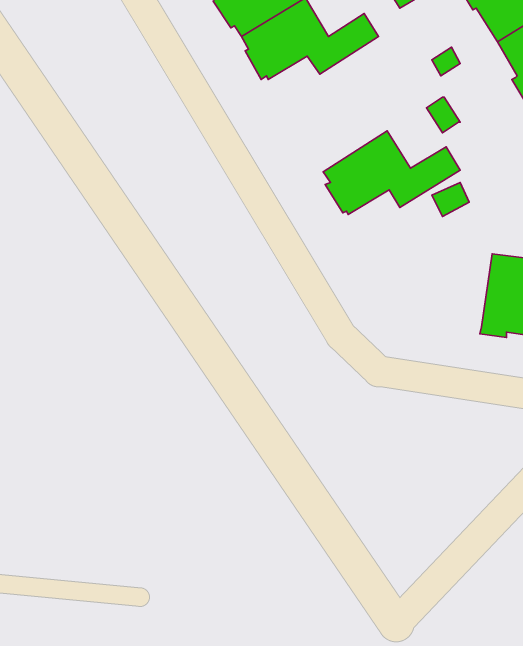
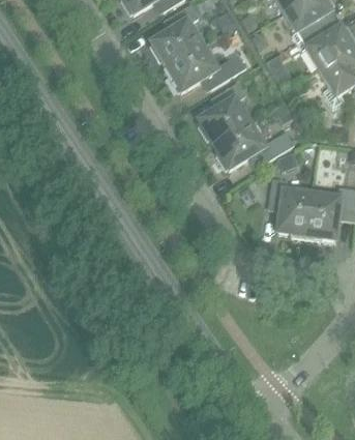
building: none -> [198,81,252,144]
building: none -> [269,177,313,238]

